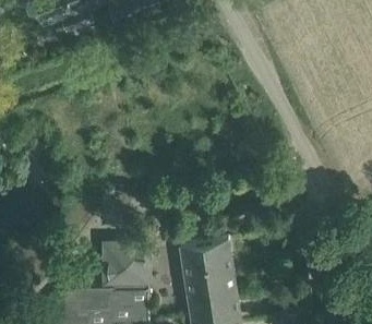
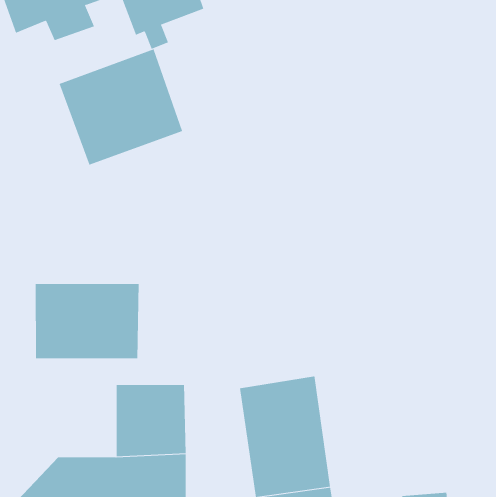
building: none -> [59,49,183,166]
building: none -> [35,283,139,359]

